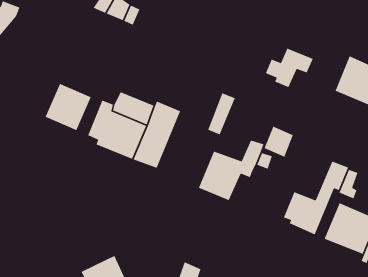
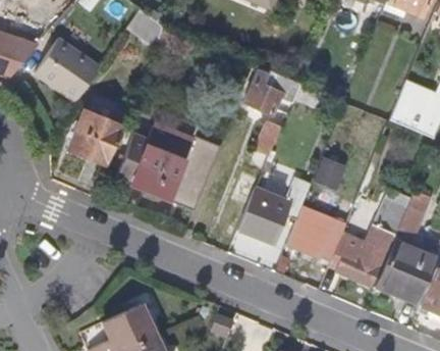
building: none -> [33,38,98,101]
building: [265,48,314,88] -> [244,72,298,117]
building: none -> [283,211,344,268]

